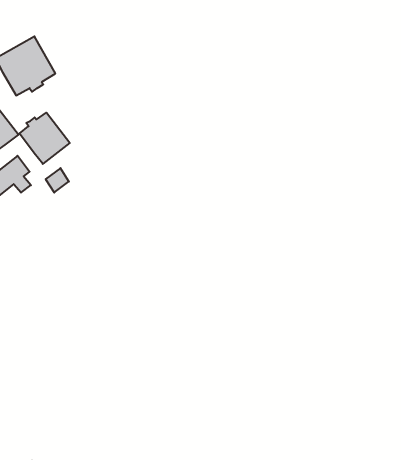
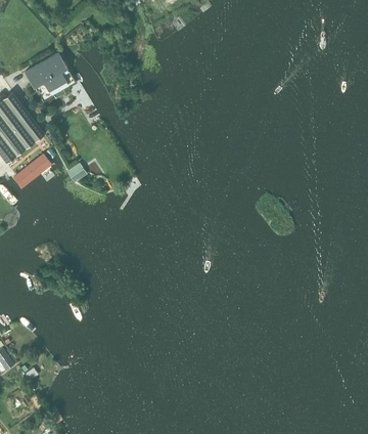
building: [19,113,70,164] -> none

